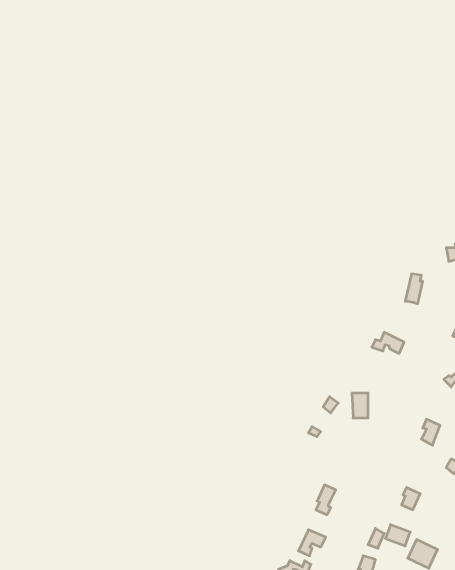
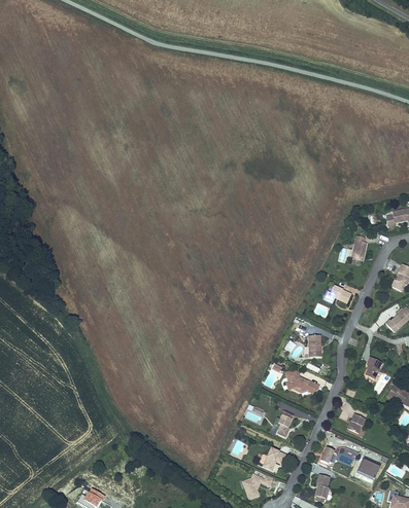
building: none -> [286,369,319,393]

